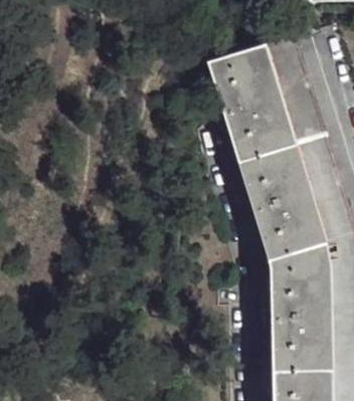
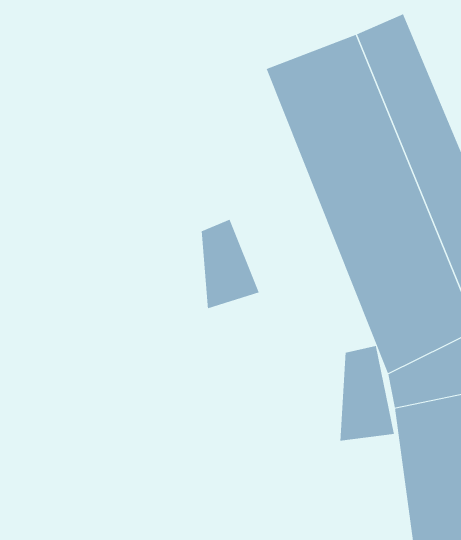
building: none -> [201,219,259,309]
building: none -> [340,345,395,442]

